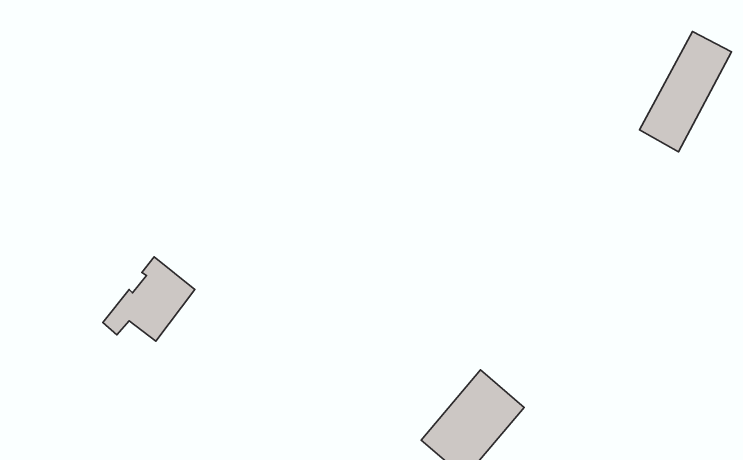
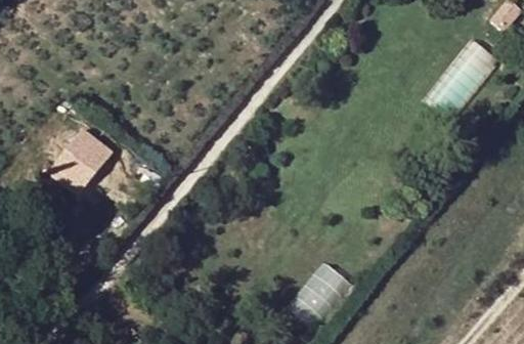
building: [103,257,195,341] -> [50,130,111,185]

